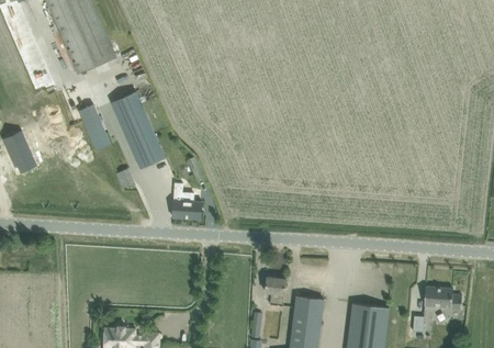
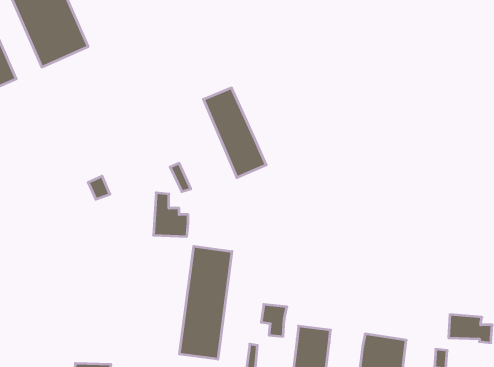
building: [111,91,165,168] -> [203,88,266,178]
building: [78,102,110,148] -> none
building: none -> [180,246,232,359]

